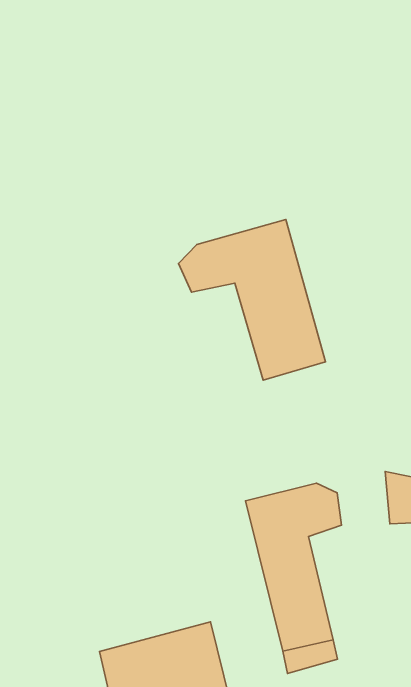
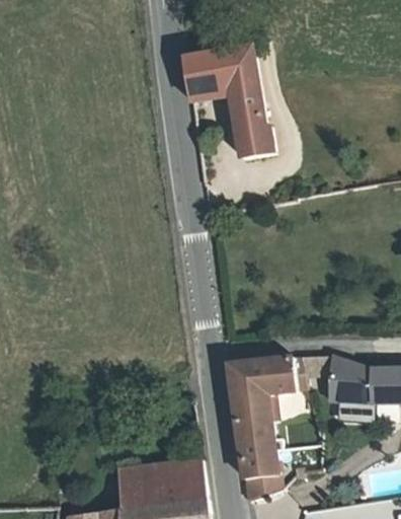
building: none -> [183,45,274,152]
building: [179,219,326,380] -> none

